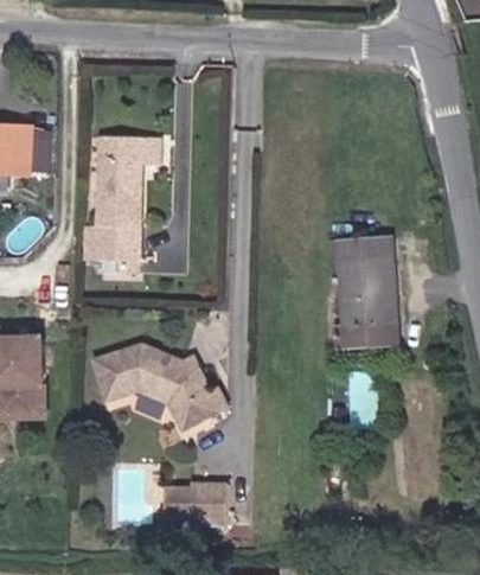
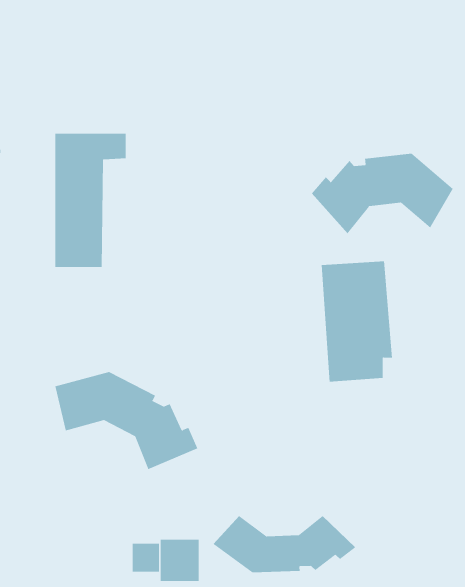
building: none -> [311,153,454,234]
building: none -> [213,515,356,573]

